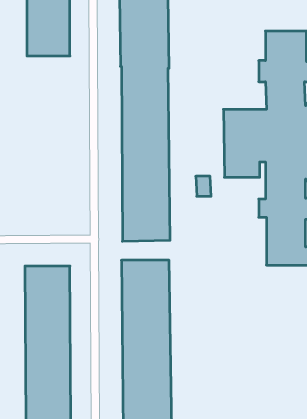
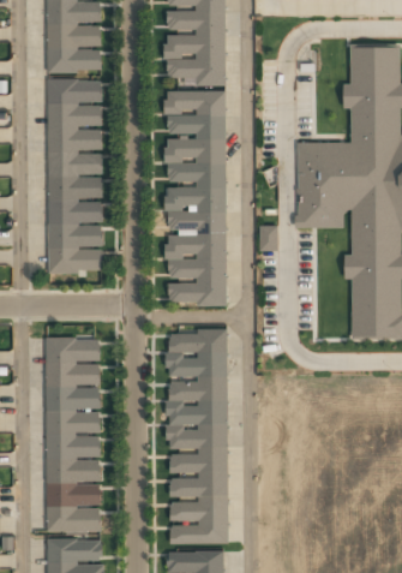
building: none -> [47,78,103,274]

